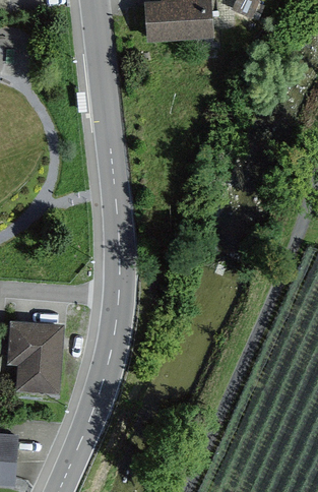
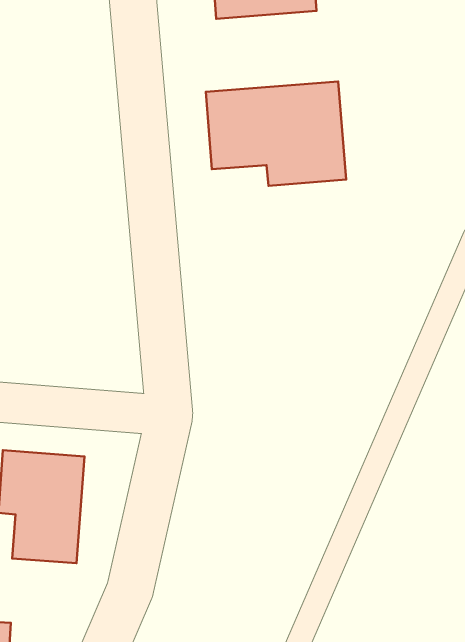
building: none -> [206,82,346,186]

